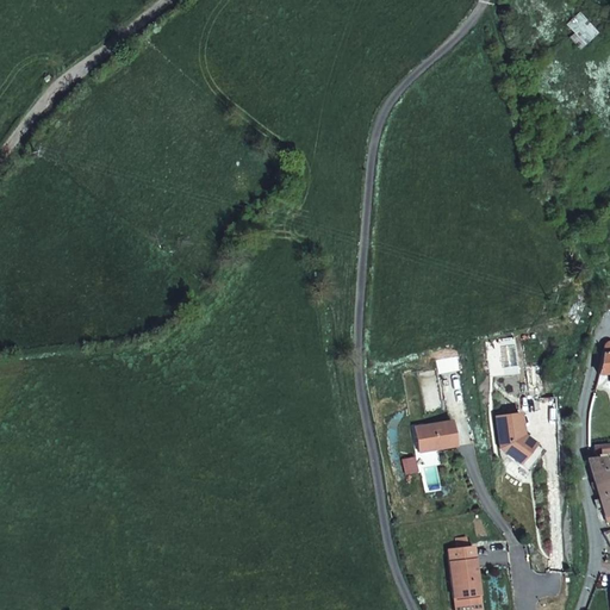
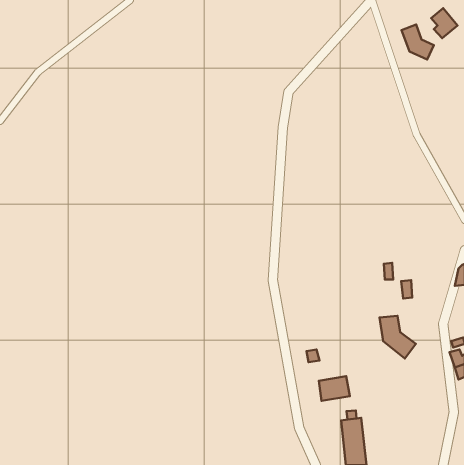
building: none -> [402,24,434,59]
building: [417,419,458,452] -> [319,376,350,401]

